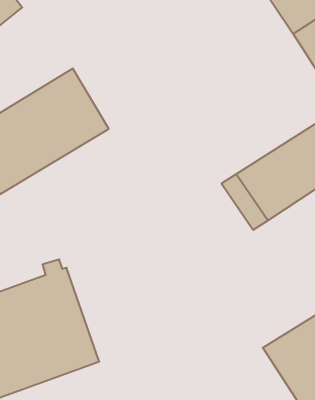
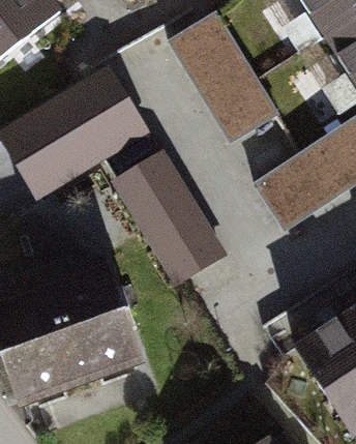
building: none -> [169,14,276,143]
building: none -> [119,156,221,283]

